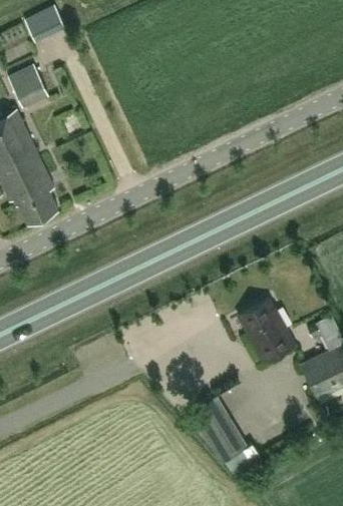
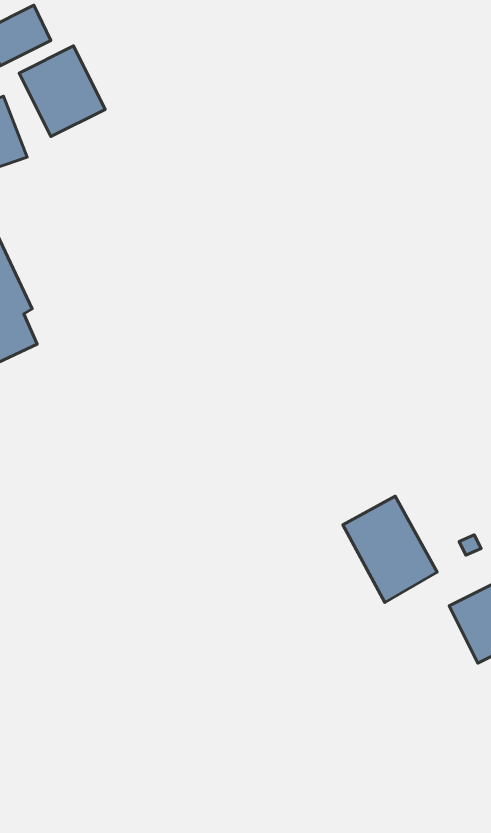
building: none -> [19,46,105,137]
building: [194,399,245,461] -> none

